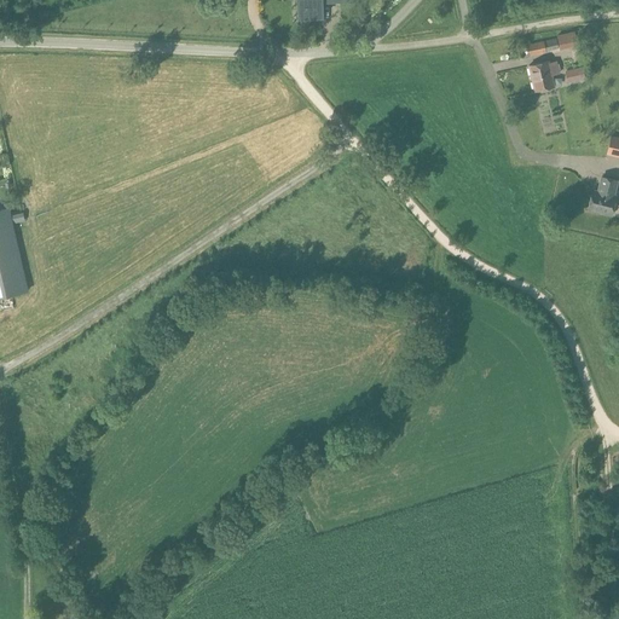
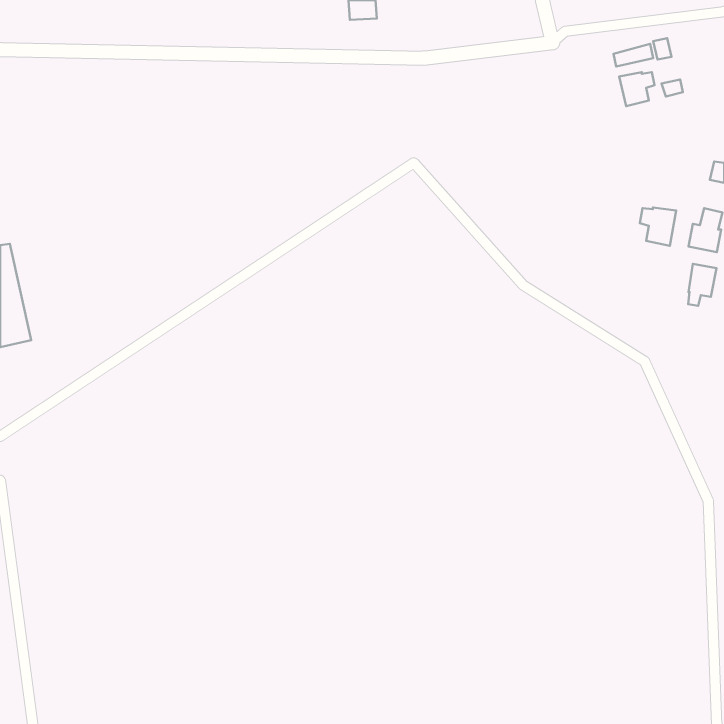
building: none -> [640,207,676,246]
building: none -> [688,264,716,306]

